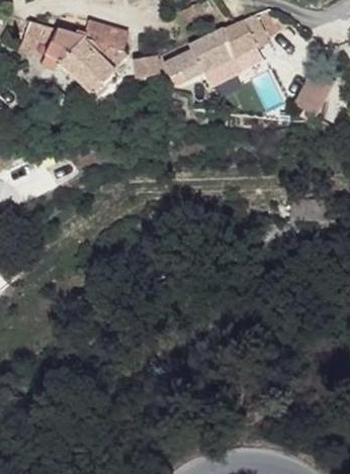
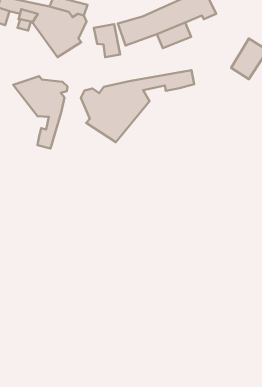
building: none -> [81,70,194,142]
building: none -> [13,76,68,149]

